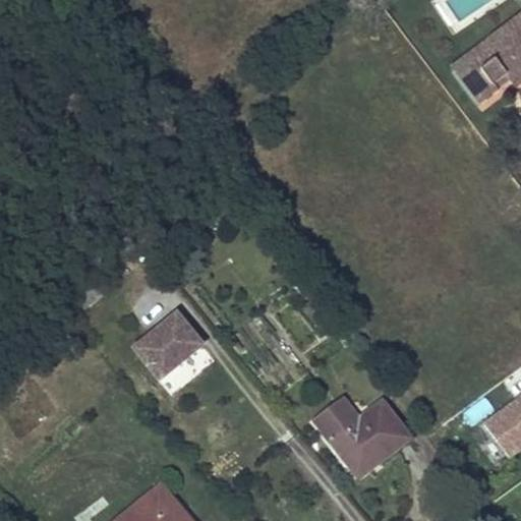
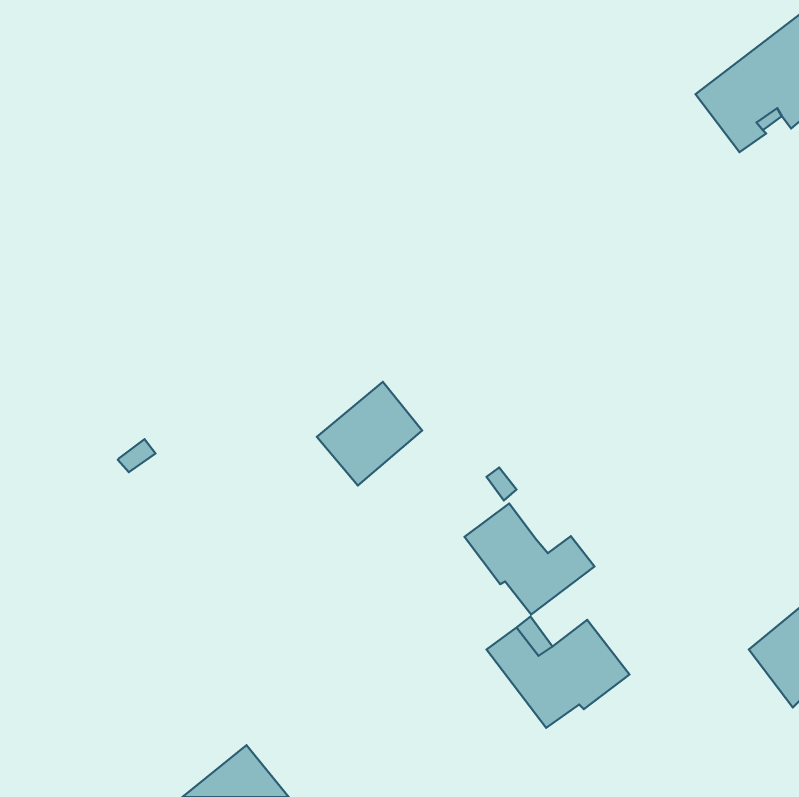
building: [136,314,205,382] -> [317,382,422,485]
building: none -> [464,504,595,614]

